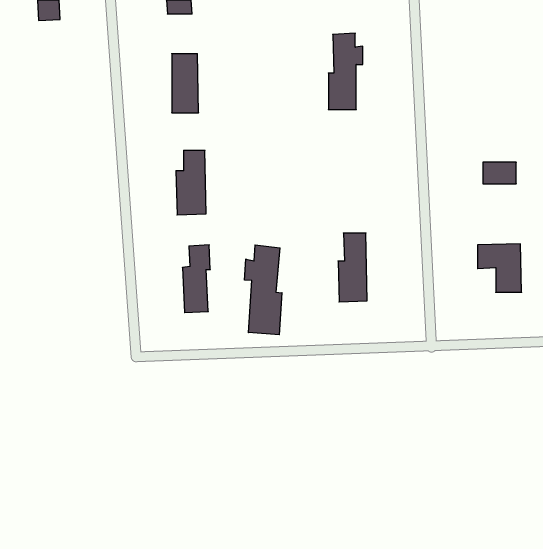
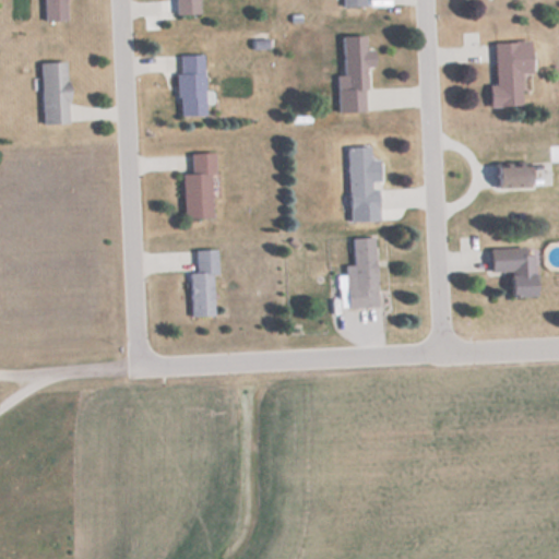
building: none -> [490,40,533,106]
building: none -> [41,61,69,123]
building: none -> [349,145,380,211]
building: [245,245,282,335] -> none

